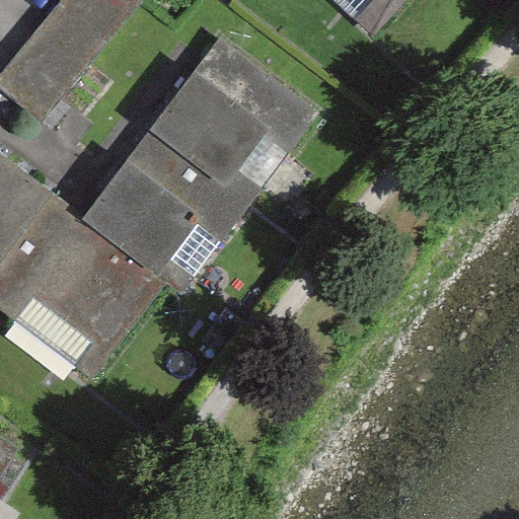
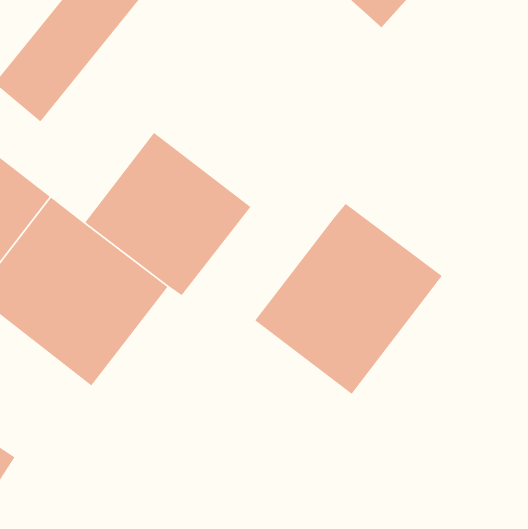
building: [150,39,314,202] -> none
building: none -> [254,203,443,395]

